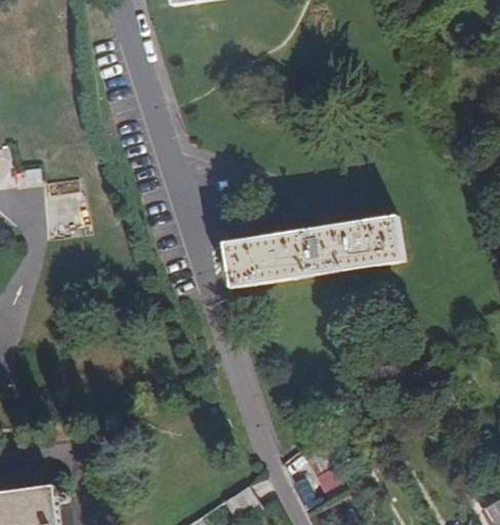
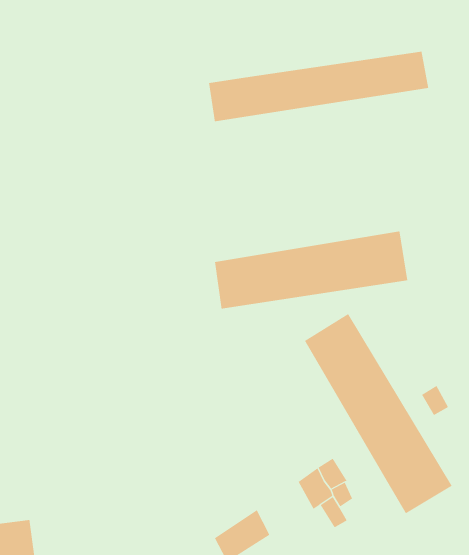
building: none -> [208,51,429,122]
building: none -> [304,313,453,514]

